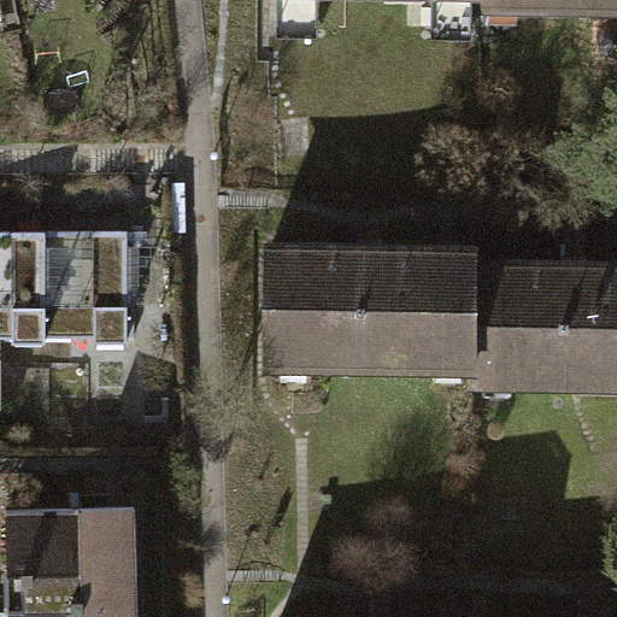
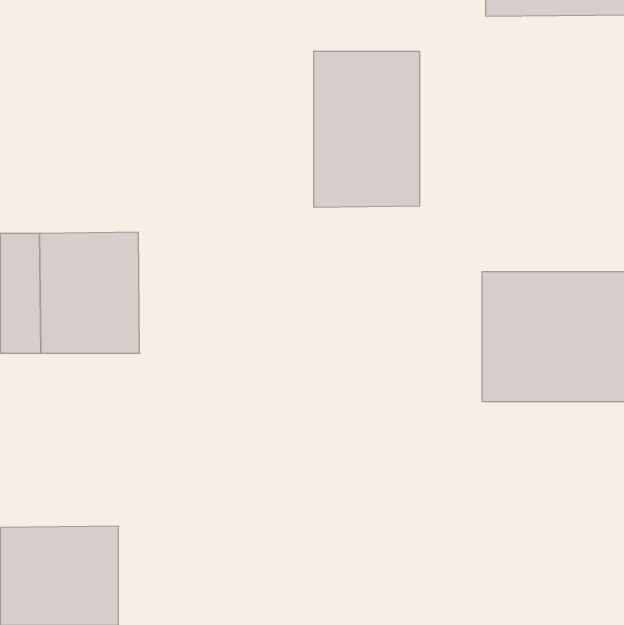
building: none -> [314,51,420,207]
building: [257,246,477,376] -> none

